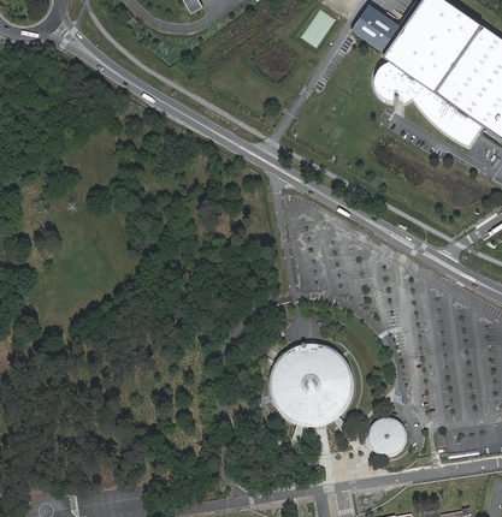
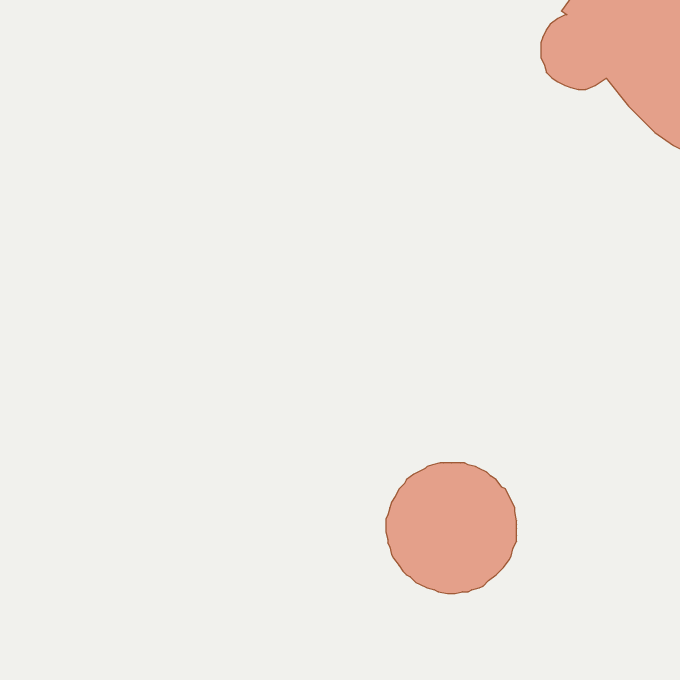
building: [364,417,407,462] -> none

